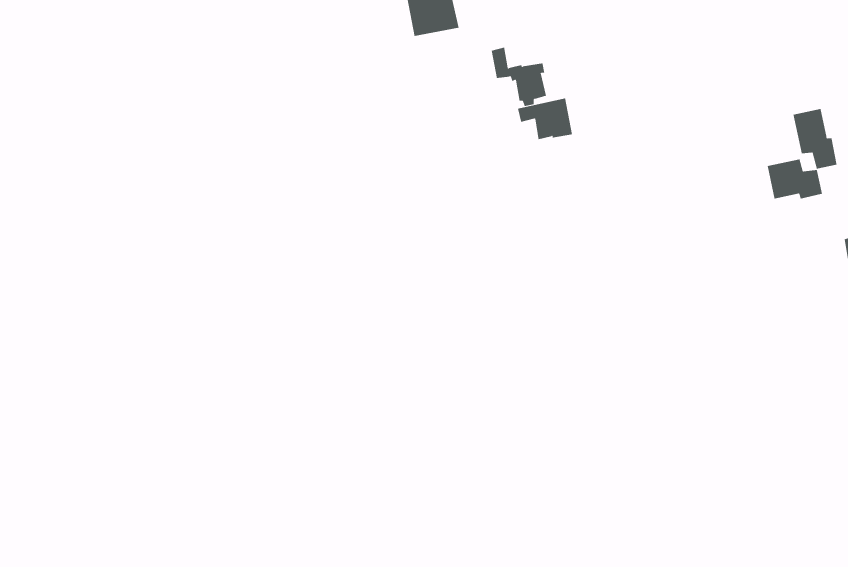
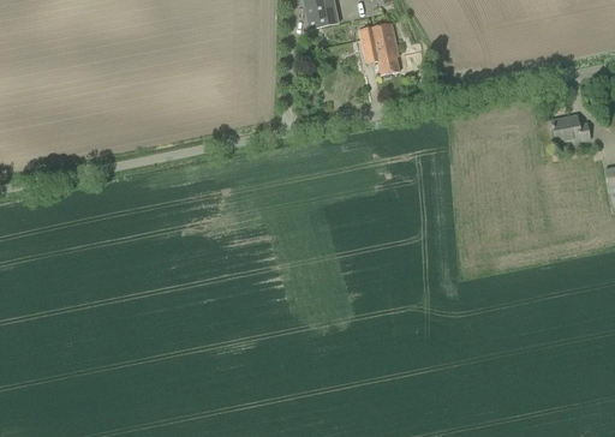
building: [517,98,573,140] -> [359,22,398,50]
building: [793,108,837,169] -> none

